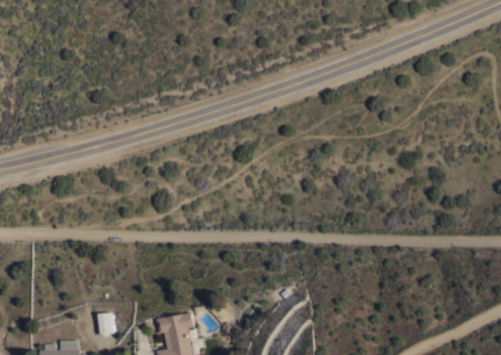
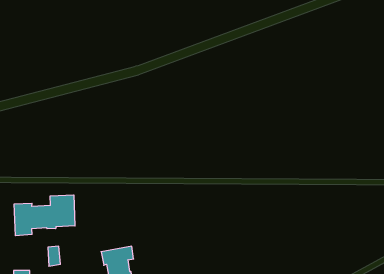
building: none -> [14,195,75,236]

